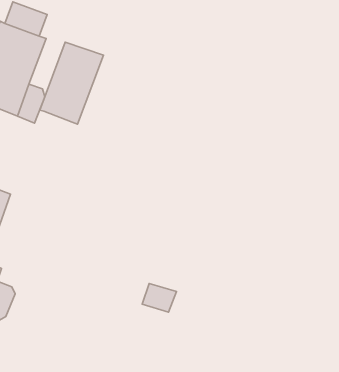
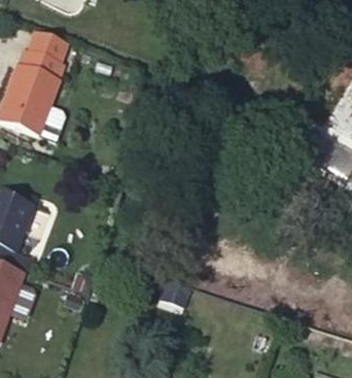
building: [40,42,104,124] -> none

